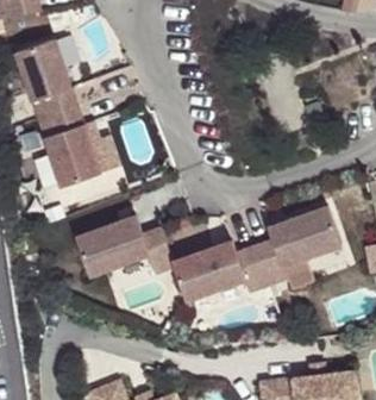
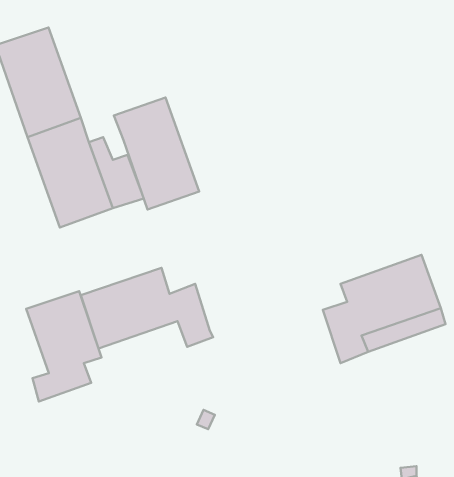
building: none -> [114,97,199,210]
building: none -> [26,291,101,402]
building: [173,240,269,300] -> none

